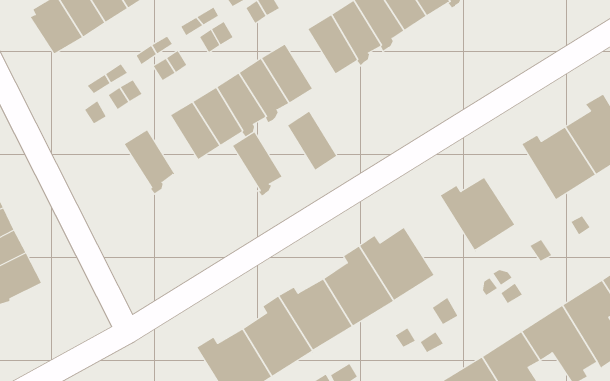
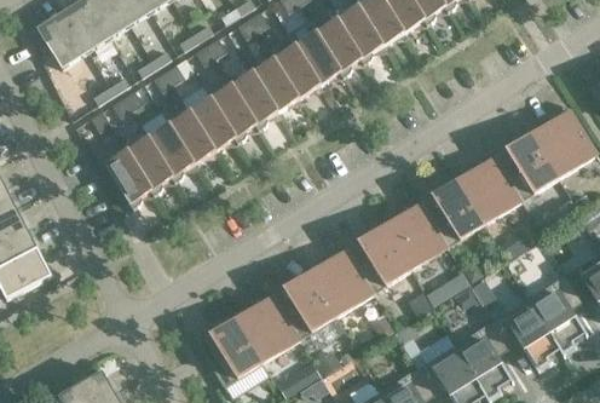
building: [287,111,337,170] -> [273,42,319,97]
building: [232,131,283,196] -> [148,121,194,180]
building: none -> [102,148,151,207]
building: none -> [456,148,521,221]
building: none -> [382,195,448,267]

